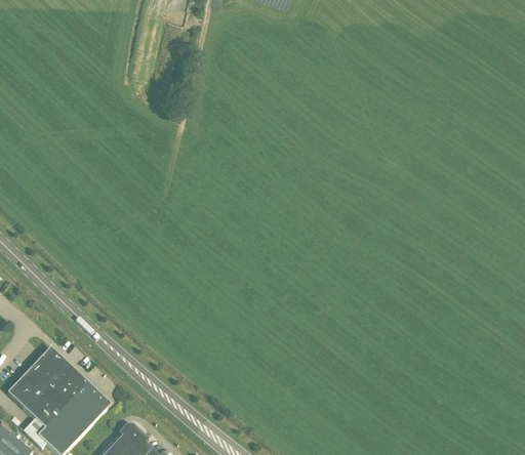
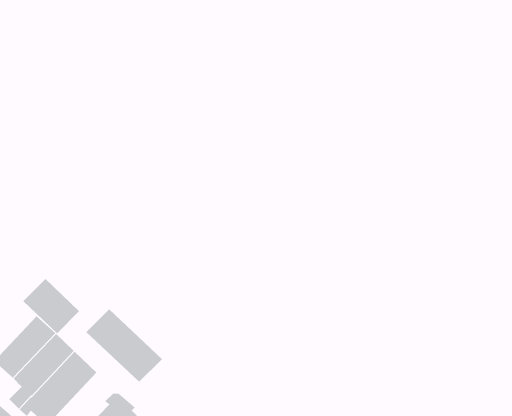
building: none -> [23,278,80,334]
building: none -> [86,309,163,383]

